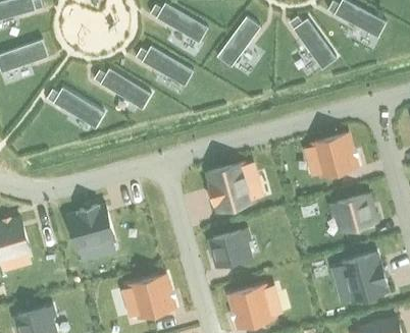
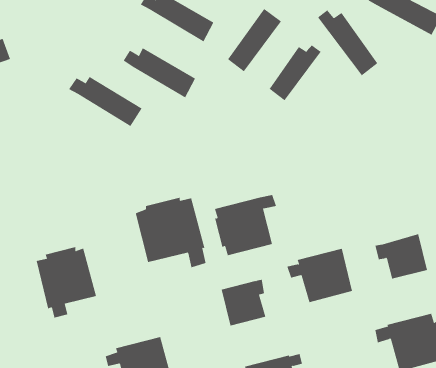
building: none -> [269,44,322,101]
building: [47,90,104,129] -> none
building: [304,133,356,176] -> [287,248,353,303]
building: none -> [135,197,206,268]

